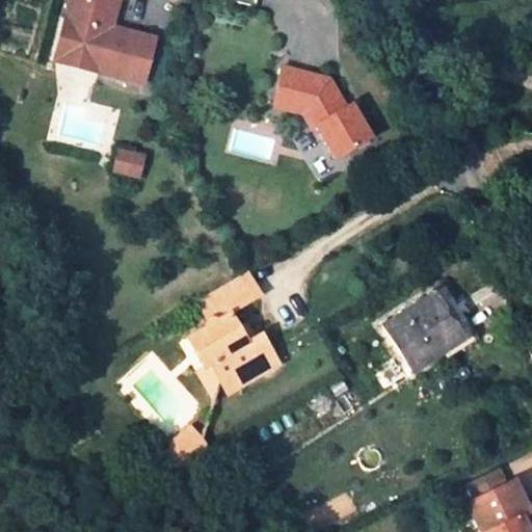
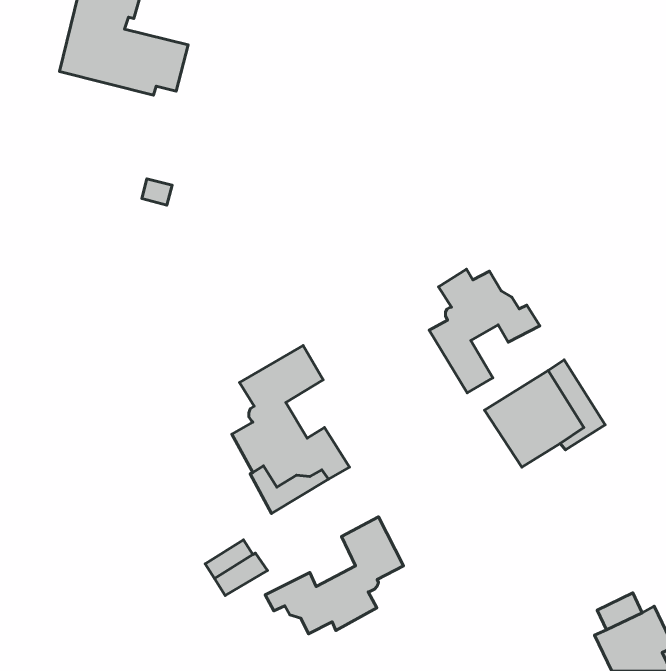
building: [272,74,366,159] -> none
building: none -> [429,269,540,393]
building: none -> [265,517,404,634]

